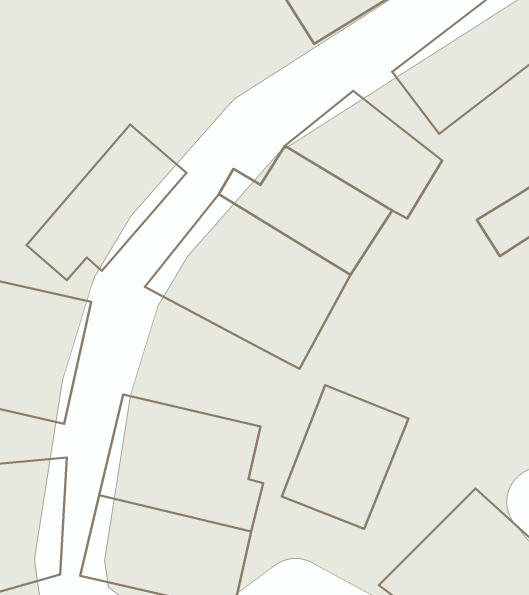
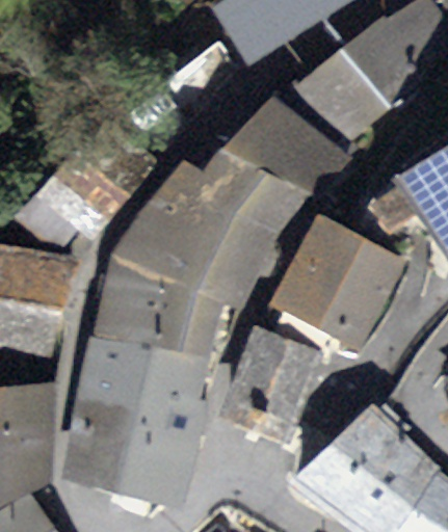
building: none -> [268,215,400,352]
building: none -> [97,250,215,358]

